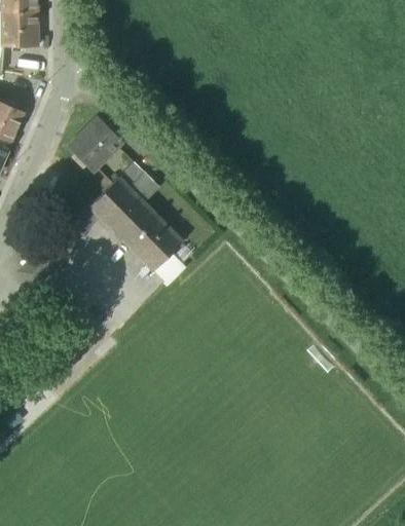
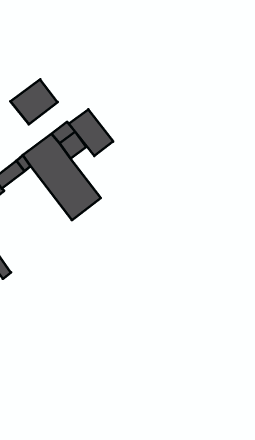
building: none -> [69,109,113,156]

